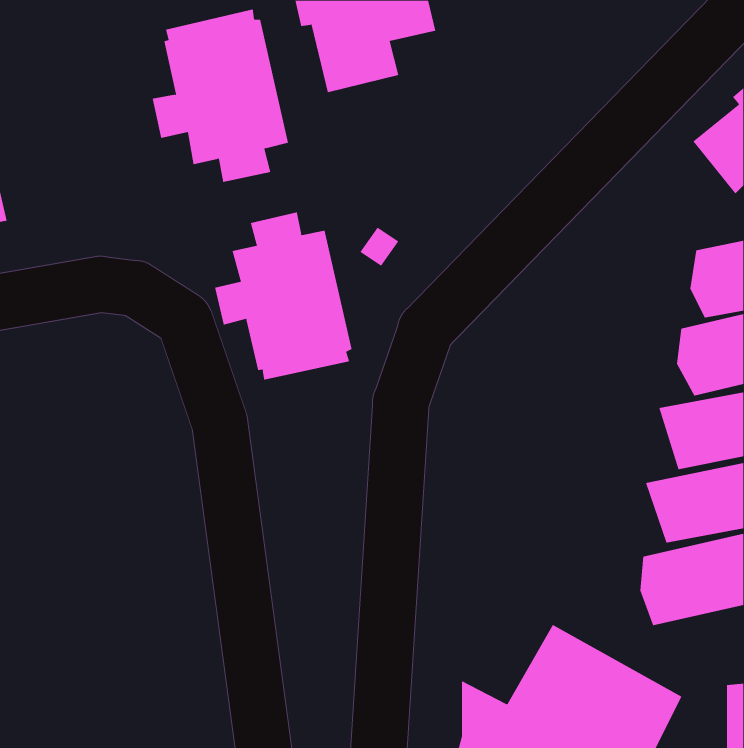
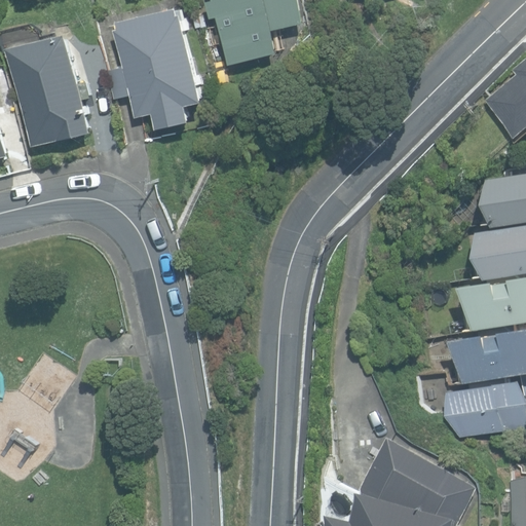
building: none -> [7,37,90,148]
building: [215,211,352,381] -> none

